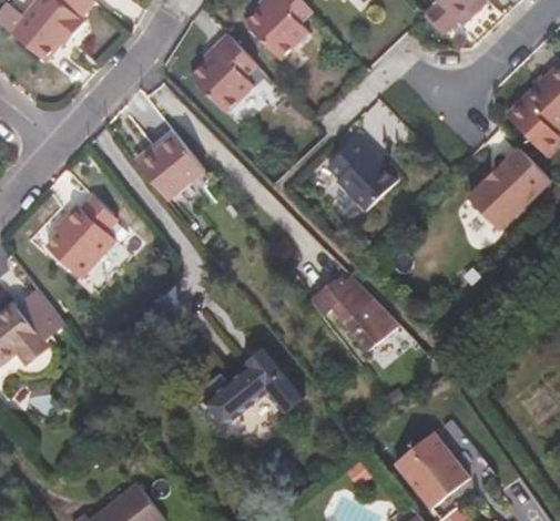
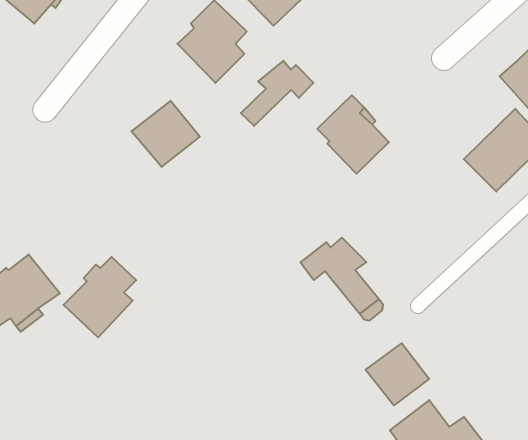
building: none -> [241,61,314,126]
building: [47,198,119,278] -> [63,257,136,337]
building: [200,348,310,429] -> none
building: none -> [366,343,429,405]

